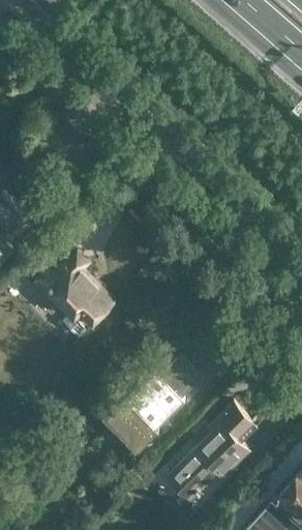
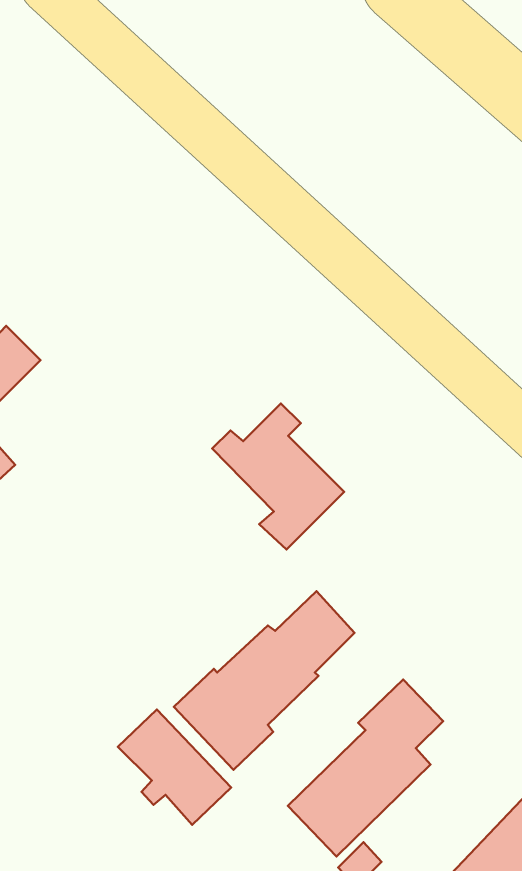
building: [34,258,110,342] -> [212,403,344,550]
building: none -> [118,710,231,825]

